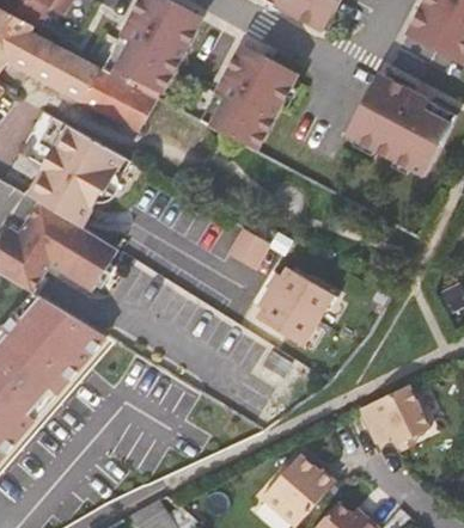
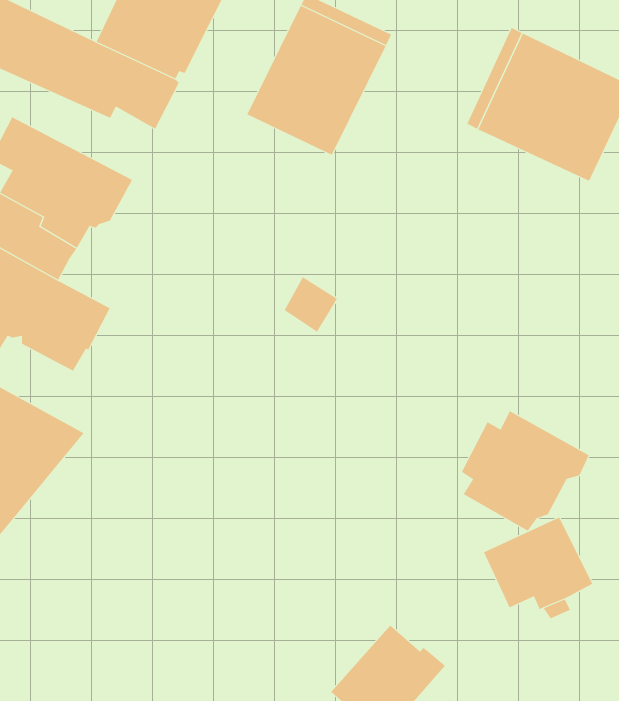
building: [264,265,347,343] -> [461,410,590,531]

